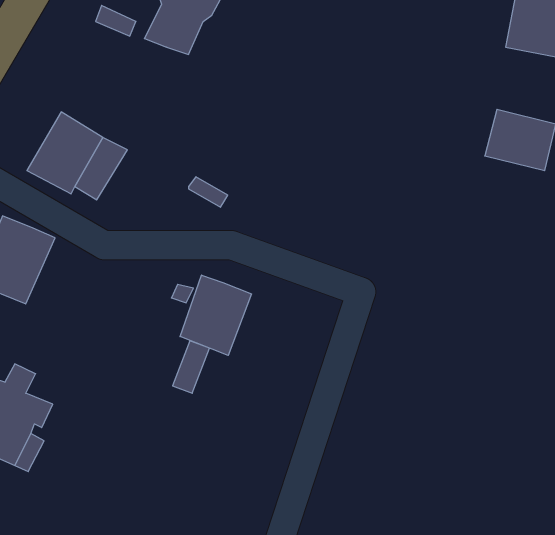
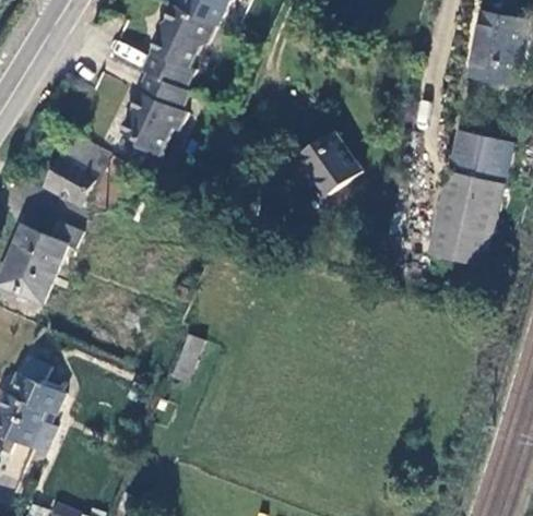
building: none -> [122,67,193,156]
building: none -> [295,130,362,192]
building: none -> [430,171,504,262]
building: [180,275,251,355] -> none

